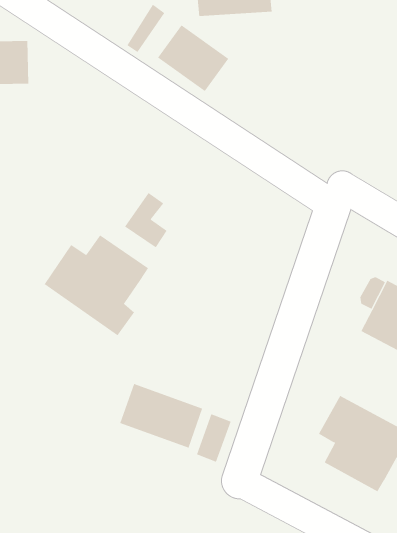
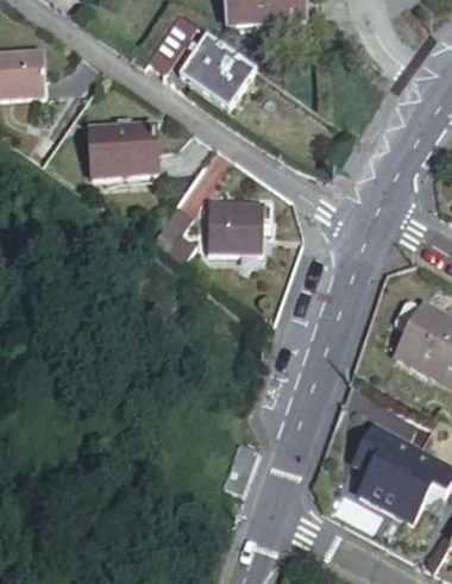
building: none -> [84,130,155,181]
building: none -> [205,201,262,255]
building: [44,235,149,336] -> none
building: [120,383,203,448] -> none

